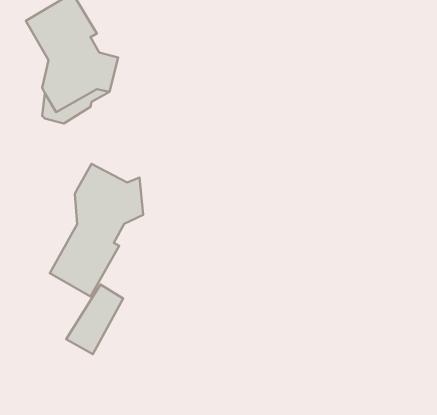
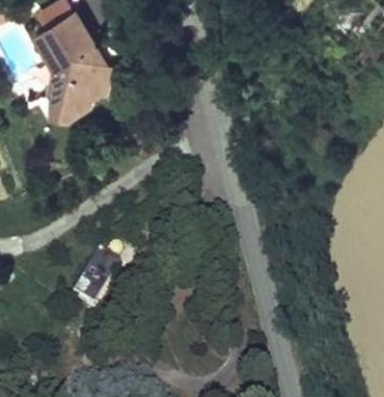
building: [50,164,143,296] -> none

